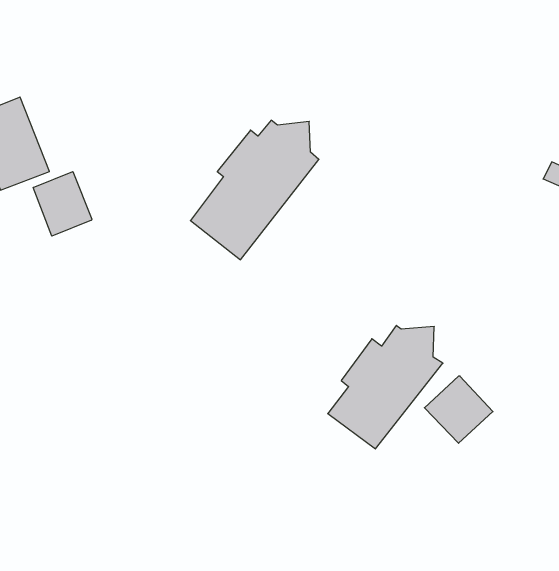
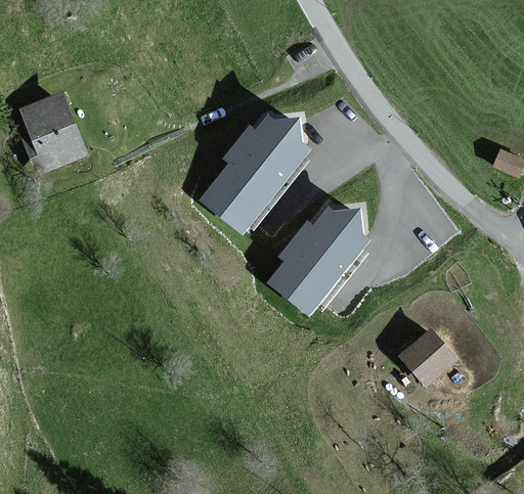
building: [33,172,92,236] -> none
building: [328,325,443,449] -> [271,209,367,312]

